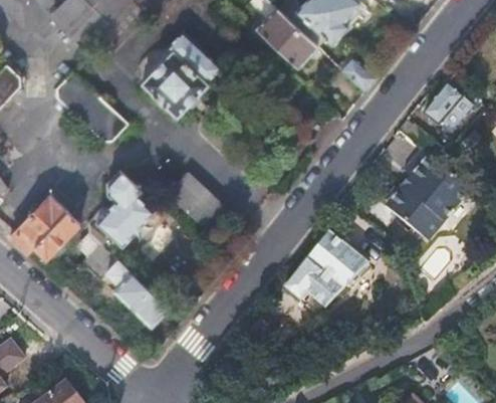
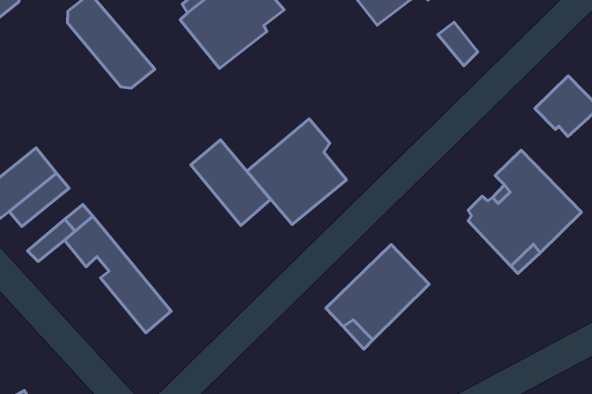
building: none -> [247,119,347,225]
building: [94,166,155,244] -> none

